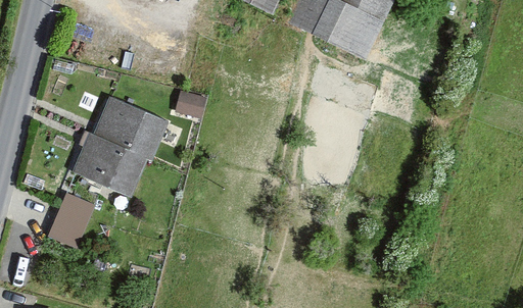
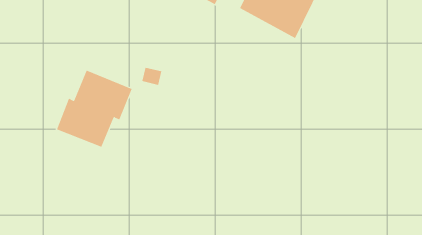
building: [48,194,91,246] -> none

